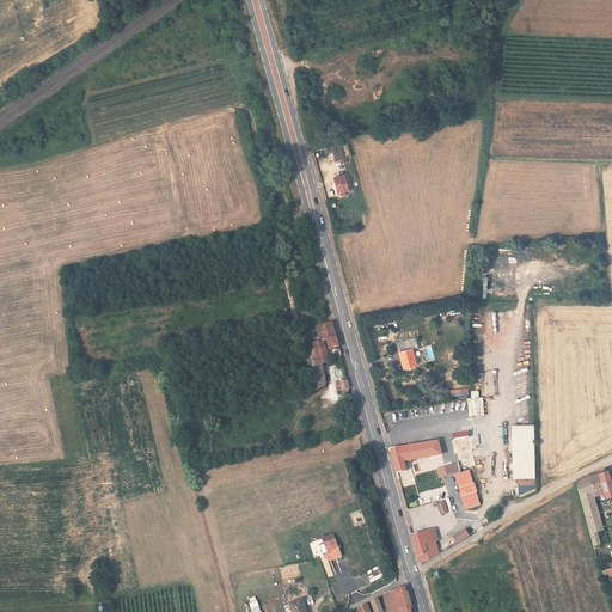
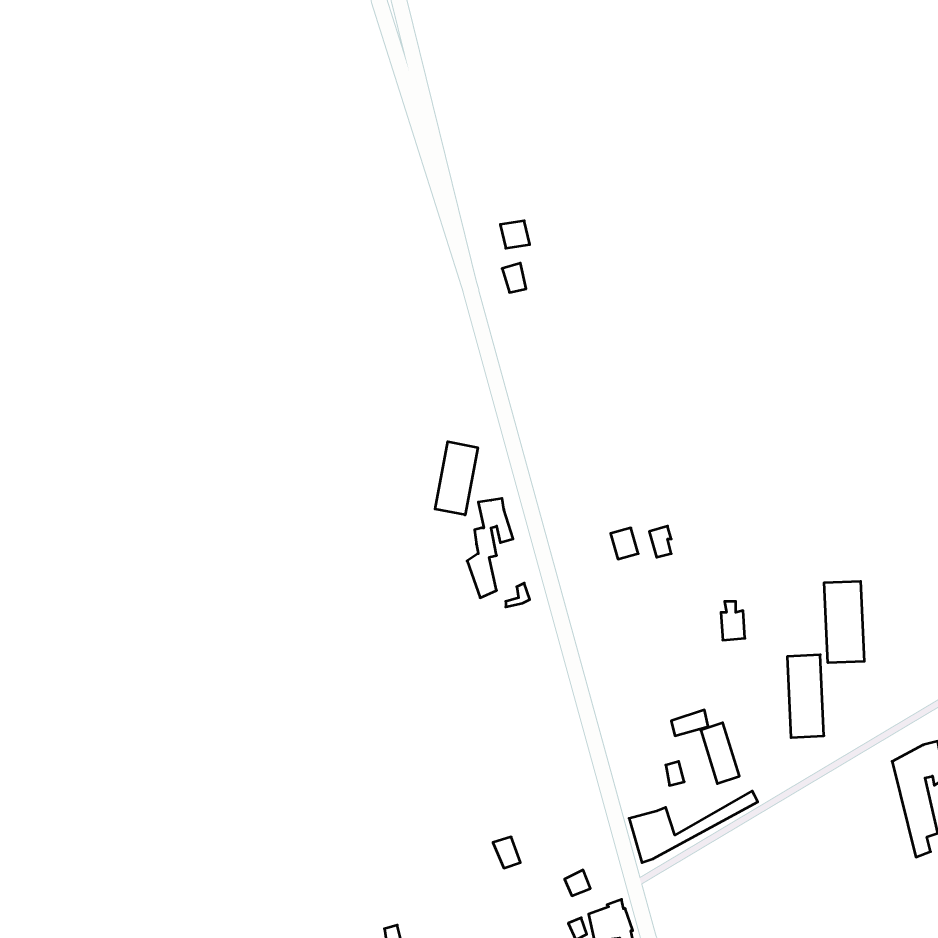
building: none -> [435,442,478,515]
building: none -> [824,581,864,663]
building: [390,440,442,475] -> none

